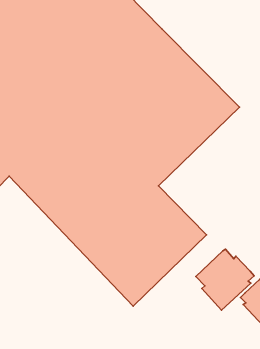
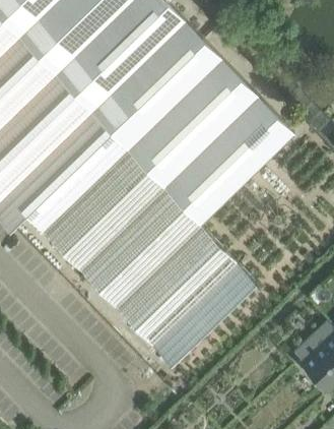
building: [196,249,254,310] -> none

